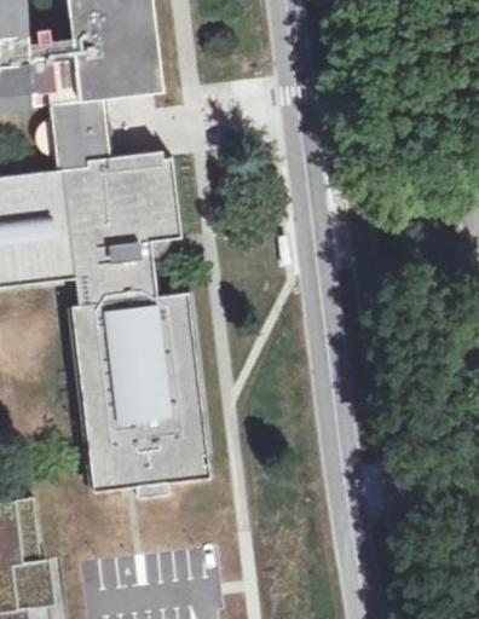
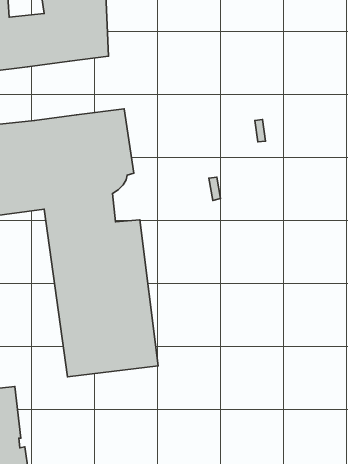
building: [33,94,111,168] -> none

